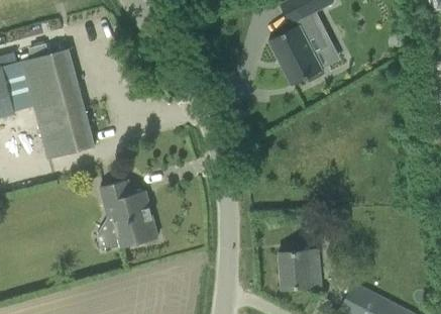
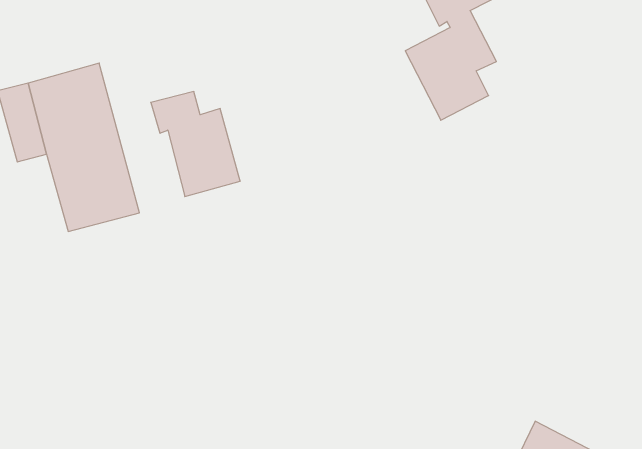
building: [99,179,157,247] -> [151,92,240,197]
building: [278,249,320,289] -> none

